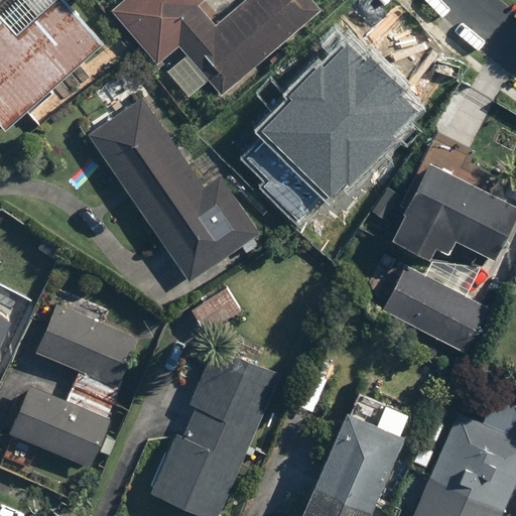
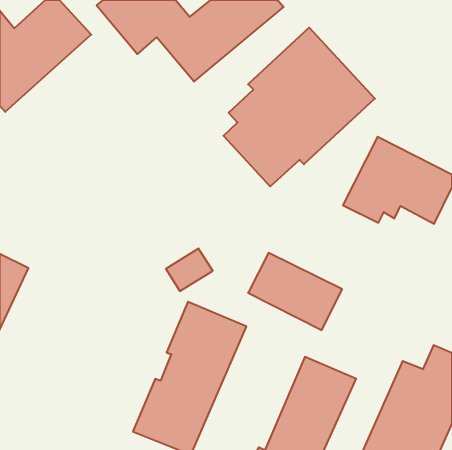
building: [88,98,260,281] -> none
building: [381,265,488,353] -> [248,253,342,330]
building: [9,303,139,468] -> none

